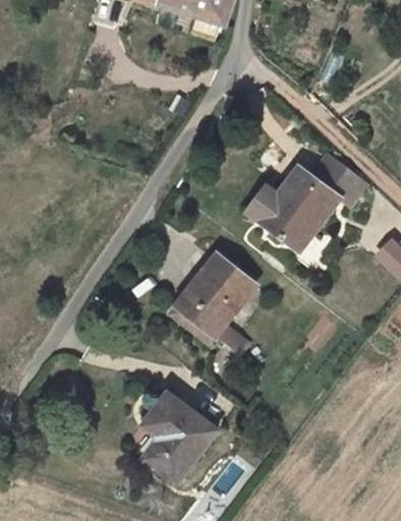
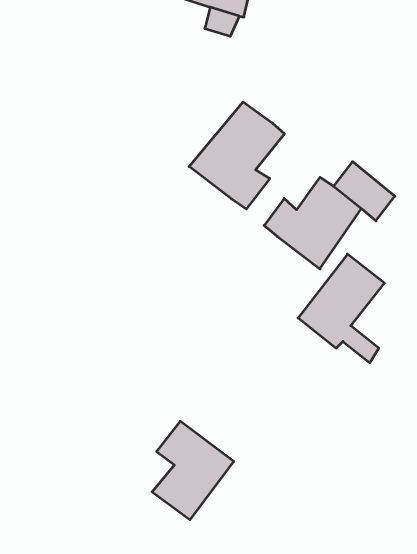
building: none -> [189,102,284,209]
building: [173,252,251,351] -> [298,254,384,363]

